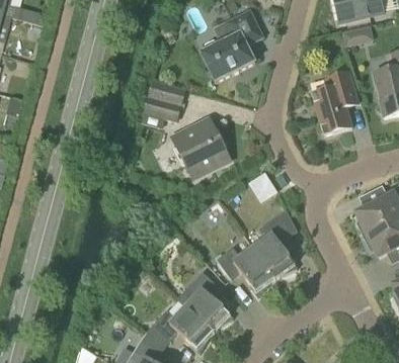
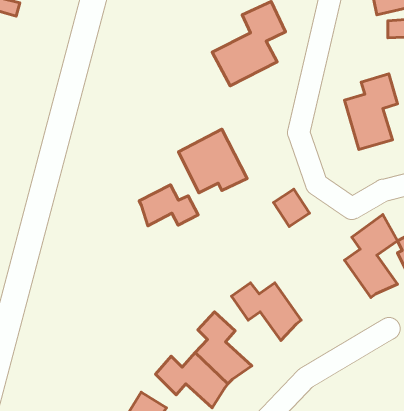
building: [144,80,183,121] -> none
building: none -> [139,185,198,226]
building: [252,208,297,278] -> [344,214,397,297]

